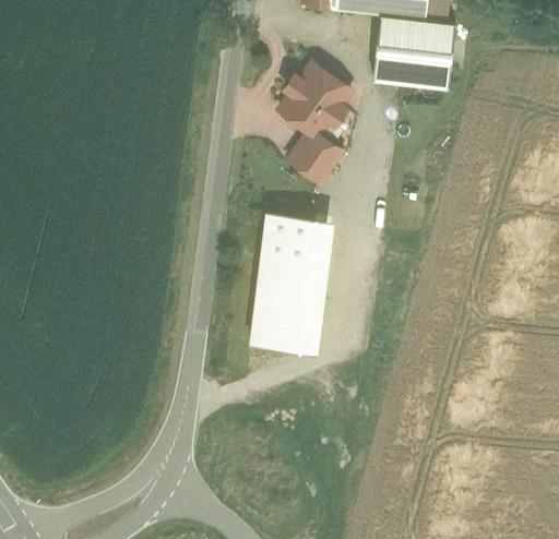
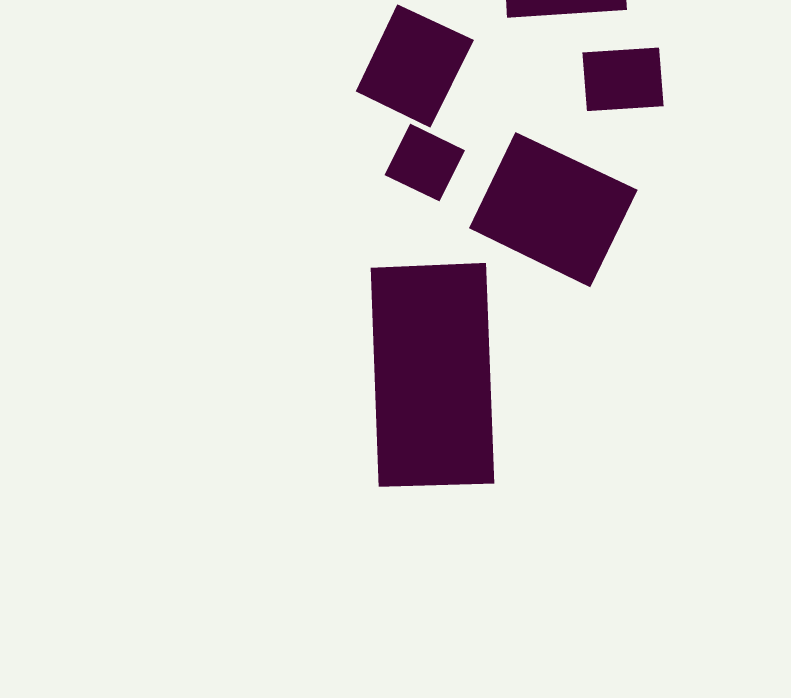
building: none -> [582,47,664,112]
building: none -> [468,131,638,288]

